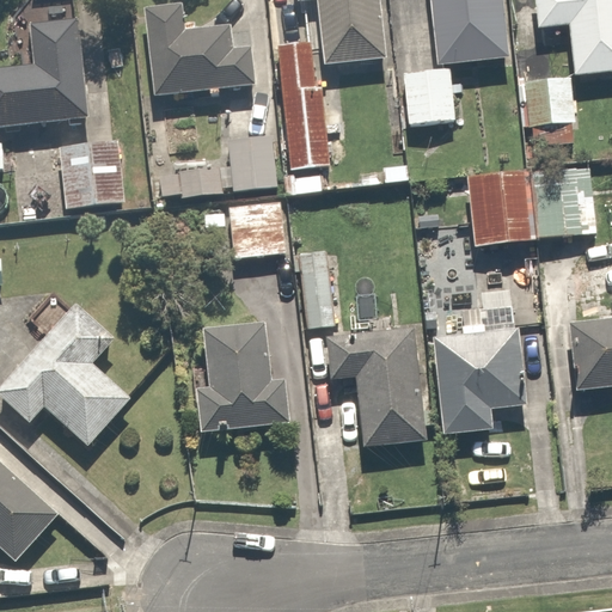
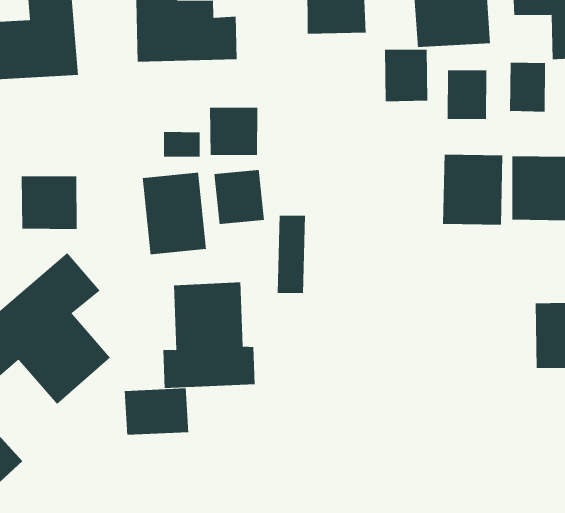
building: [276,38,324,165] -> none
building: none -> [447,70,487,120]
building: [57,145,118,202] -> [21,176,78,230]
building: none -> [142,172,207,255]
building: [439,324,532,435] -> none
building: [333,331,426,445] -> none
building: none -> [124,388,189,436]

